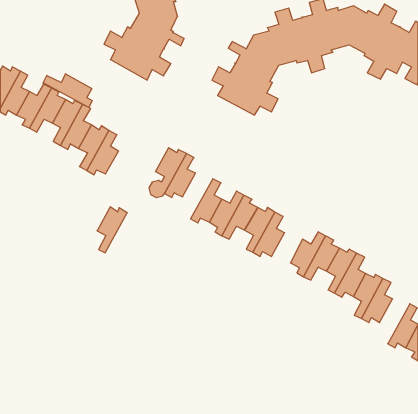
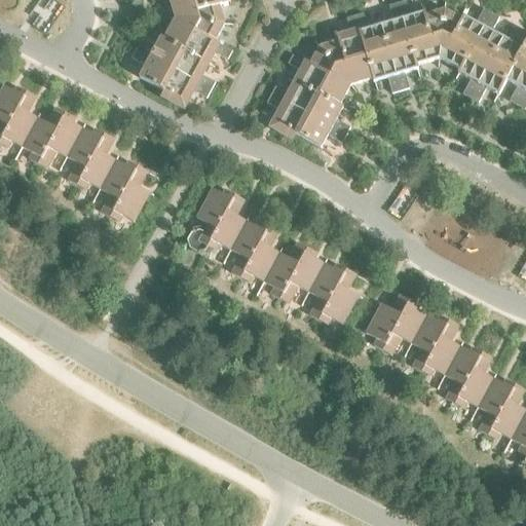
building: [43,74,92,108] -> none
building: [97,207,127,253] -> [229,218,267,275]
building: none -> [477,376,515,433]

